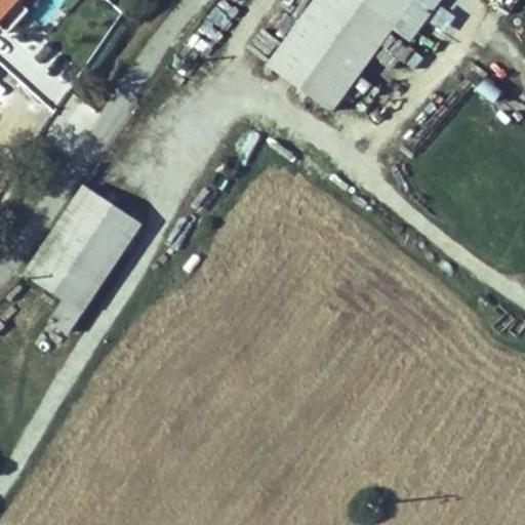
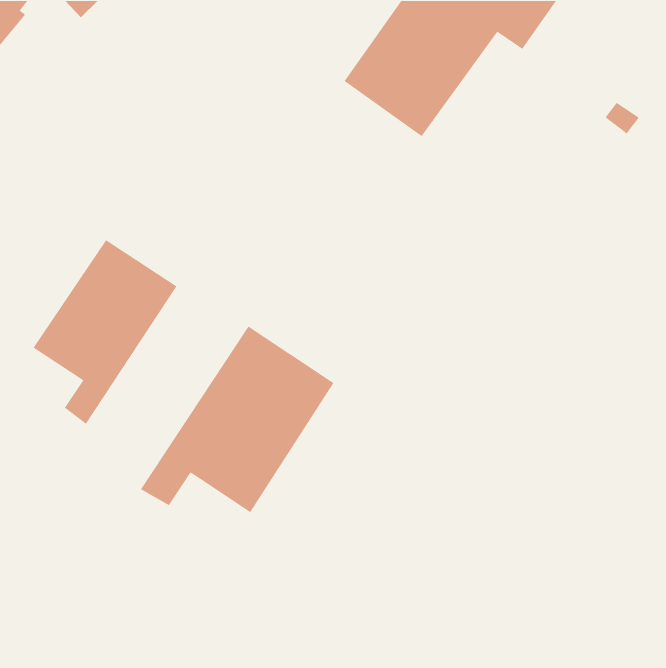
building: none -> [140,325,335,513]

